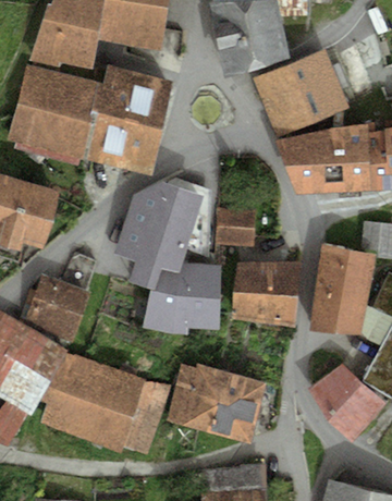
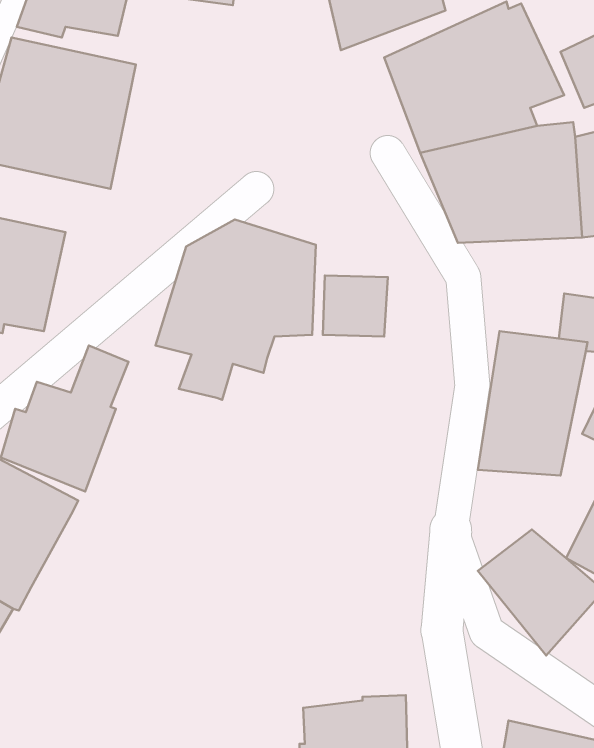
building: [87,63,172,171] -> none
building: [232,260,299,323] -> none
building: [143,261,220,334] -> none
building: [39,354,169,455] -> none
building: [167,363,266,440] -> none

